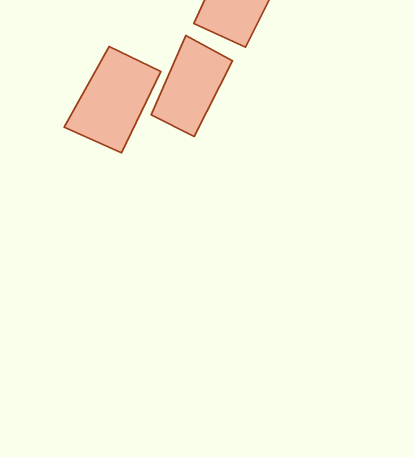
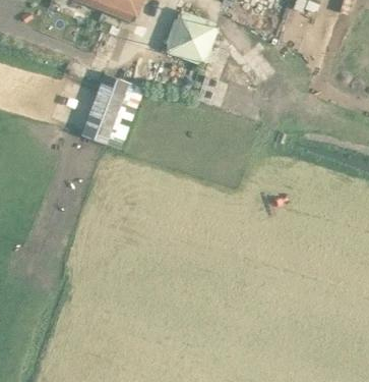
building: [151,36,232,137] -> none

